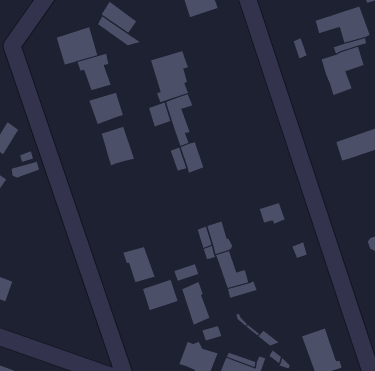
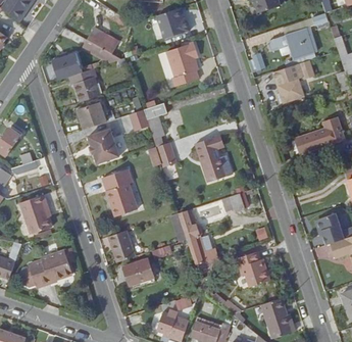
building: [150,51,189,103] -> [166,42,199,86]
building: none -> [195,135,232,182]
building: none -> [104,168,139,215]
building: none -> [23,191,53,231]
building: none -> [21,247,74,286]
building: none -> [236,252,269,287]
building: [181,281,210,325] -> none

